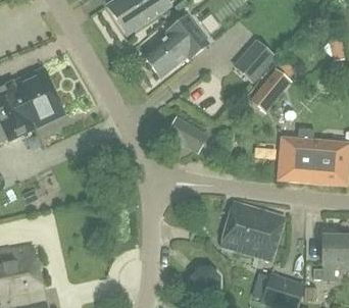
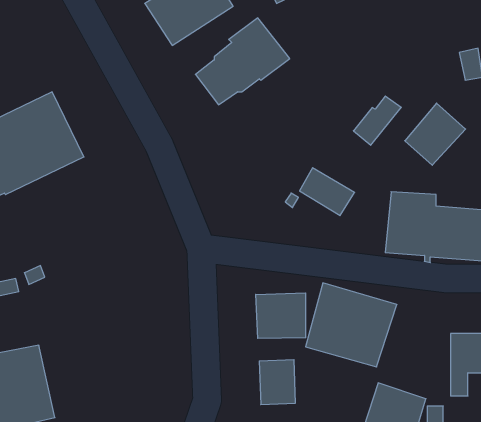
building: [234,38,277,82] -> [405,103,466,165]
building: [167,117,206,151] -> [300,168,355,216]
building: none -> [256,293,306,338]

